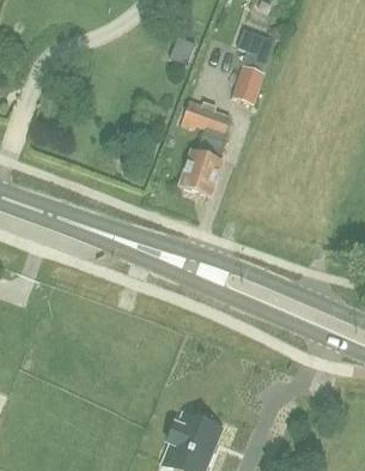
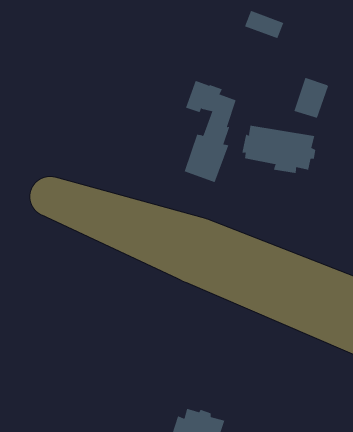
building: [232,65,266,104] -> [294,77,329,119]
building: none -> [242,125,316,174]

